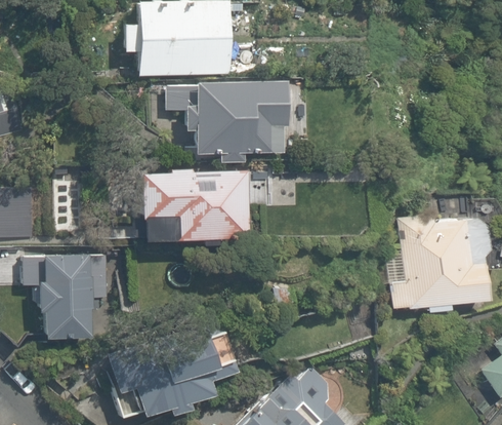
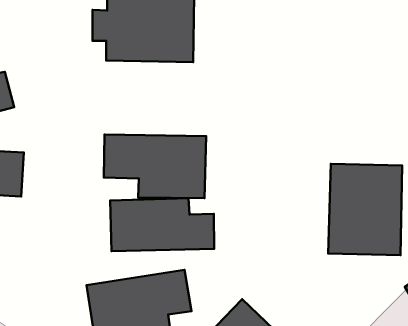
building: [166,82,288,163] -> none
building: none -> [110,198,214,251]
building: [37,246,102,340] -> none

